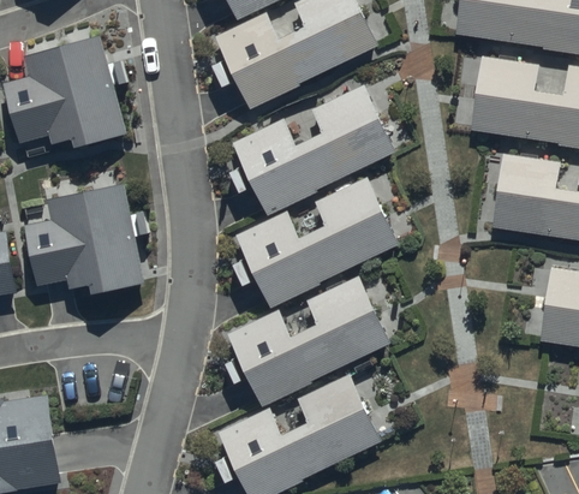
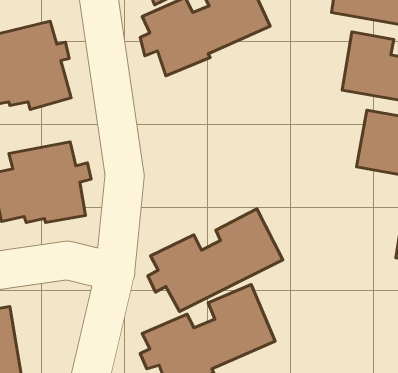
building: [229,82,396,209] -> none
building: [227,175,399,306] -> none

